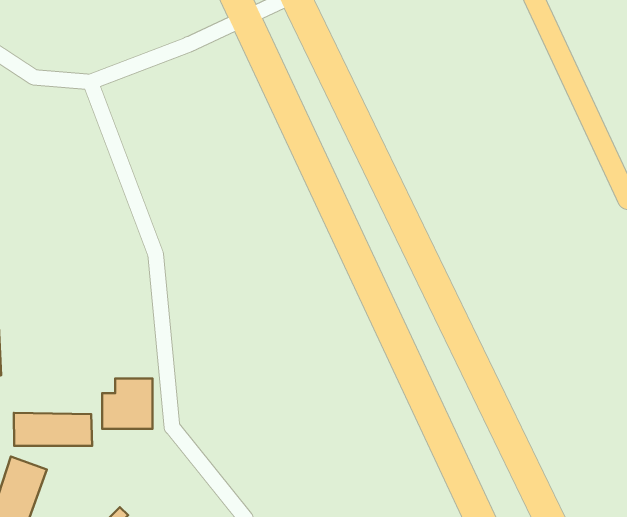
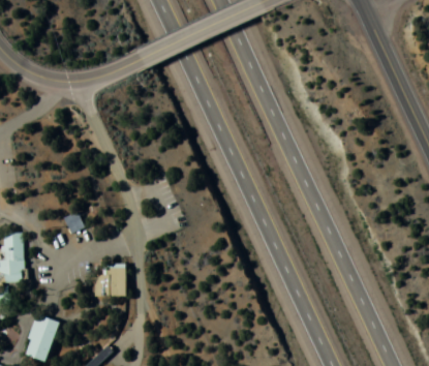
building: [14,413,92,446] -> none

